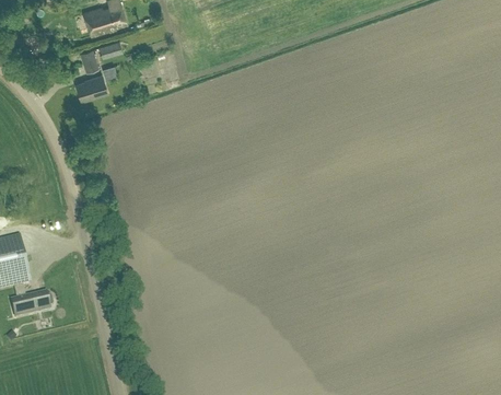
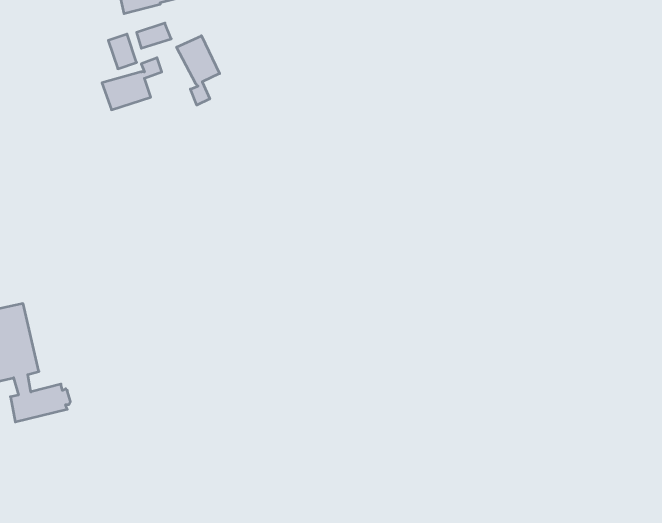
building: none -> [177,36,220,105]

